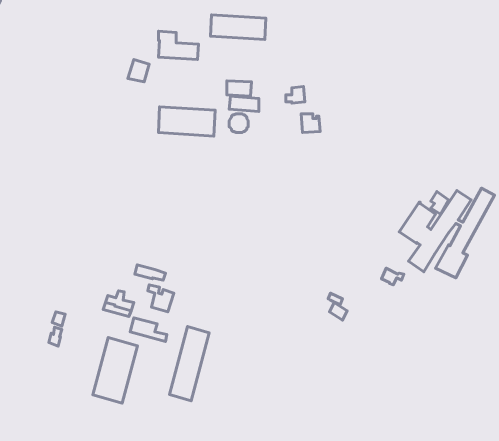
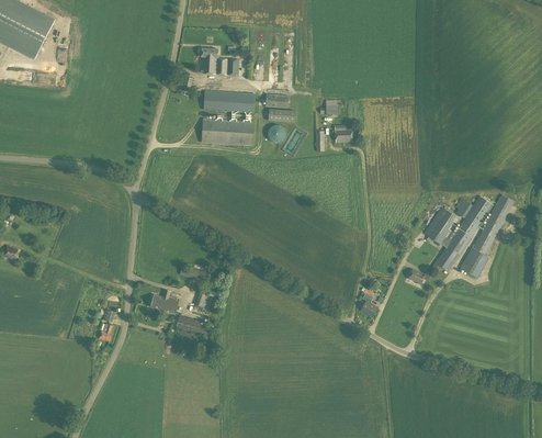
building: [210,15,266,40] -> [203,90,255,113]
building: [169,327,209,401] -> none
building: [93,338,138,403] -> none

